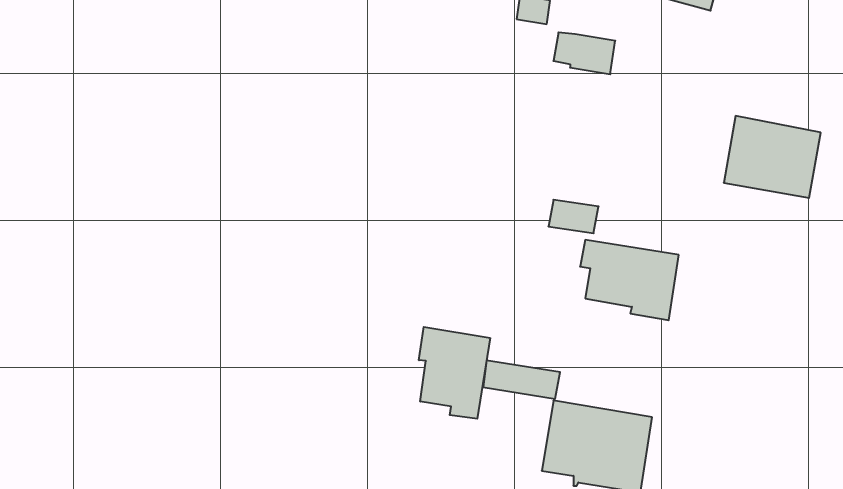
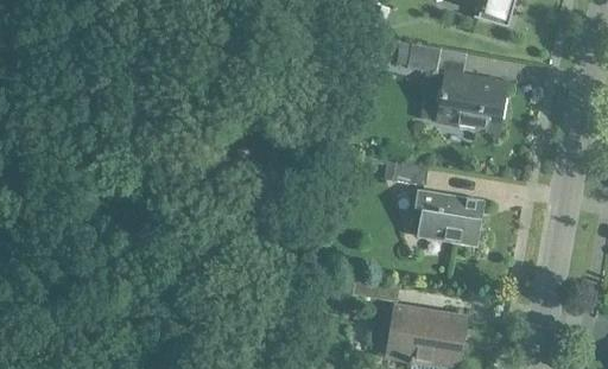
building: [724,116,821,198] -> [437,75,506,133]
building: [419,327,490,419] -> none

